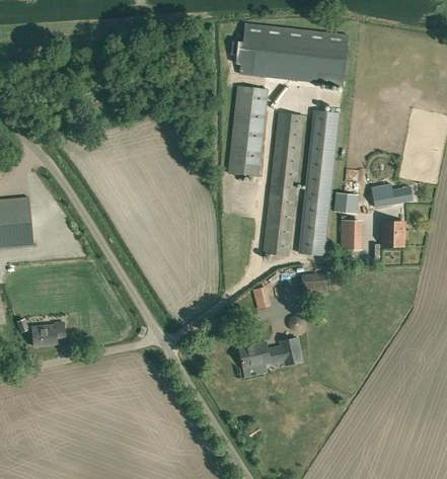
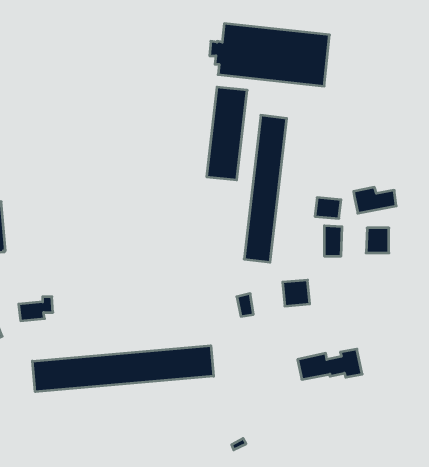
building: [298,109,341,254] -> none
building: [31,322,65,345] -> [19,297,53,321]
building: none -> [32,346,214,392]
building: [238,337,301,367] -> [298,349,362,379]

